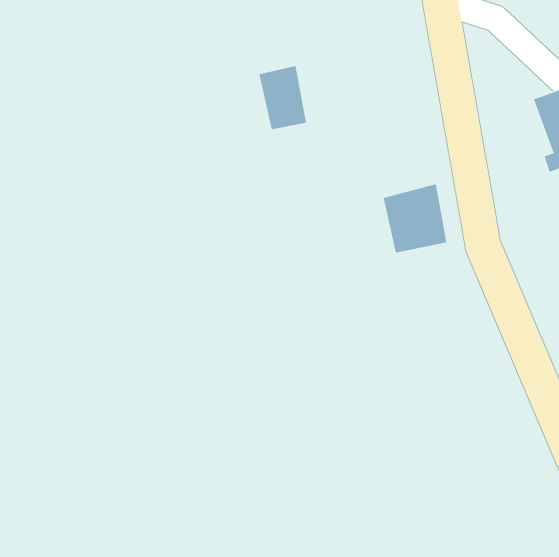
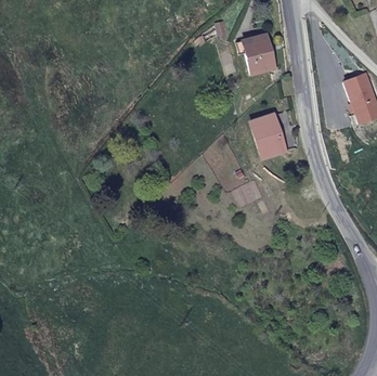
building: [259,65,307,130] -> [244,37,273,76]

